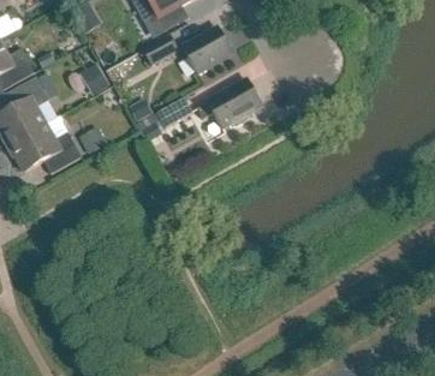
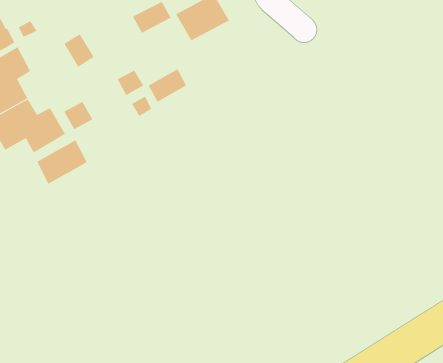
building: [196,78,262,126] -> none
building: none -> [36,139,87,185]

